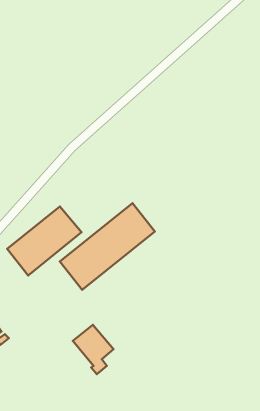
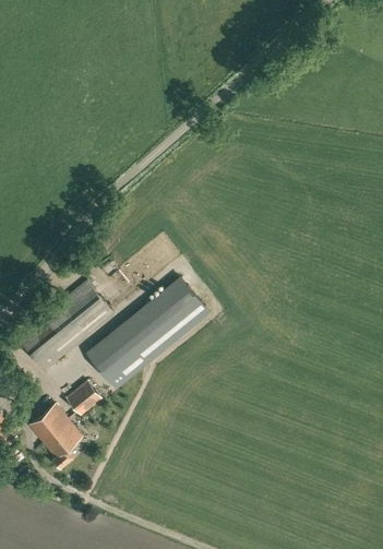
building: none -> [63,378,101,415]
building: [73,325,114,374] -> [27,403,81,467]

